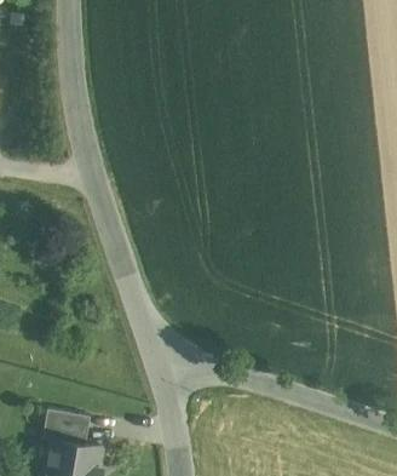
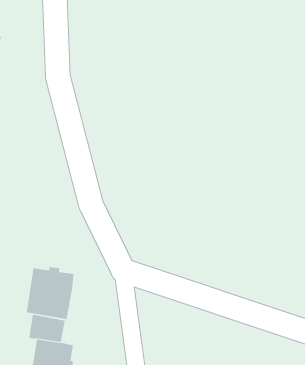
building: none -> [26,266,74,320]

